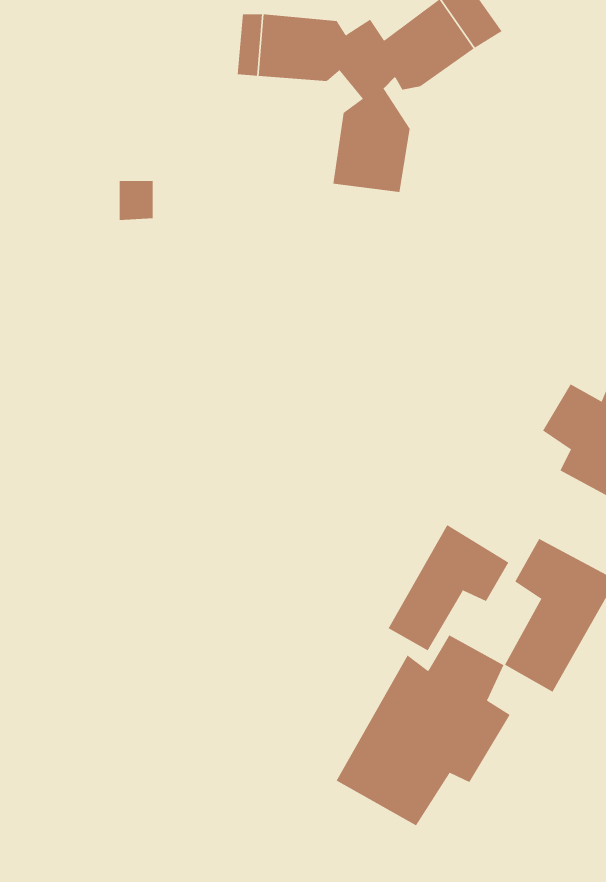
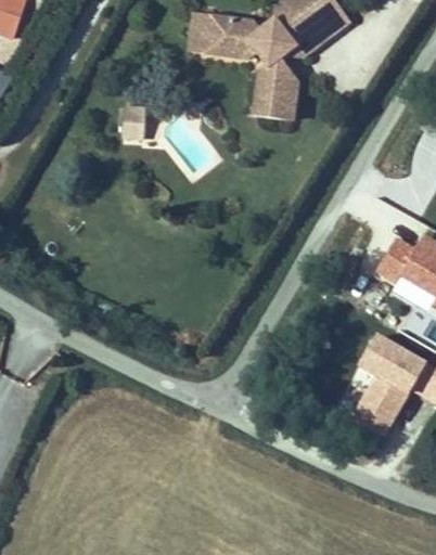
building: [388,524,509,651] -> none
building: [336,635,510,826] -> none

